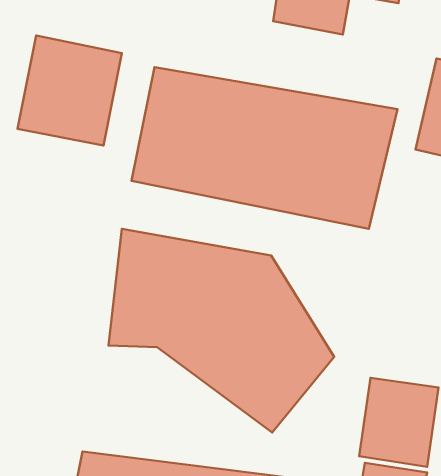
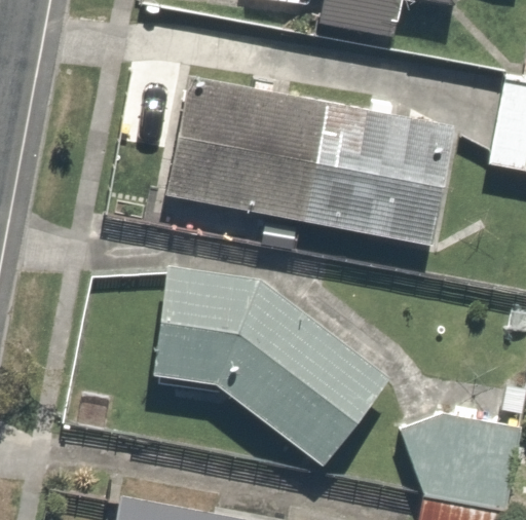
building: [17,35,122,145] -> none

